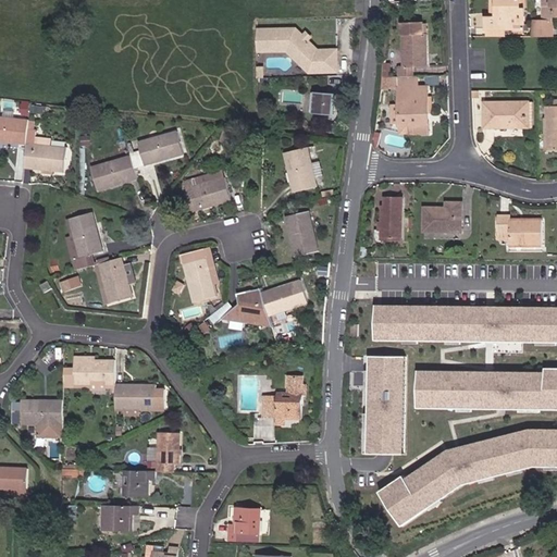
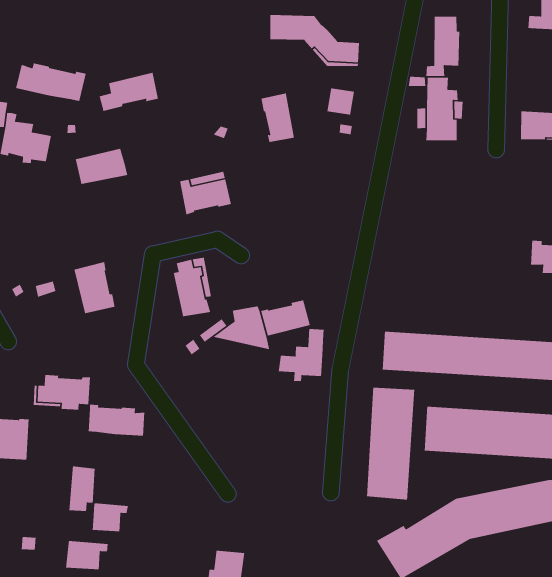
building: none -> [15,63,87,102]
building: [129,131,183,169] -> [99,72,159,112]
building: [283,147,315,193] -> [260,92,295,143]
building: [380,198,401,239] -> none
building: [423,202,460,232] -> none
building: [284,211,318,257] -> none
building: [65,212,102,271] -> none
building: [262,376,301,424] -> [278,328,324,382]
building: [157,432,178,472] -> [69,465,95,512]

